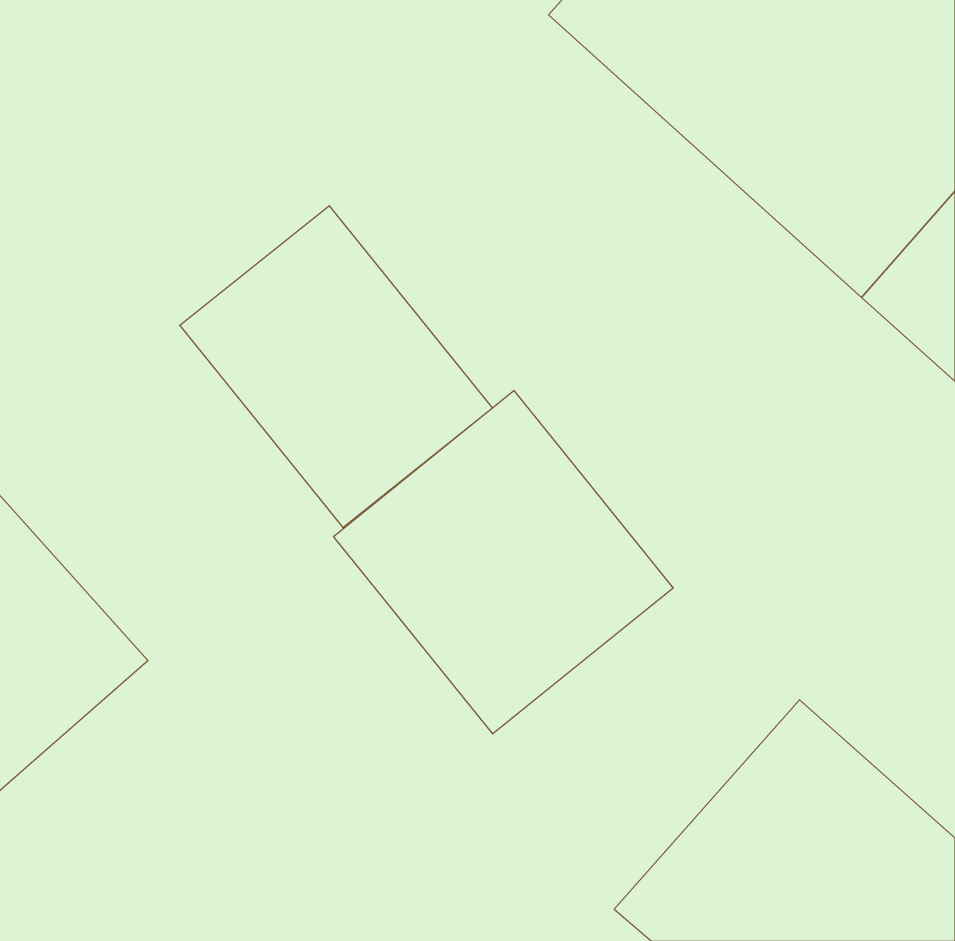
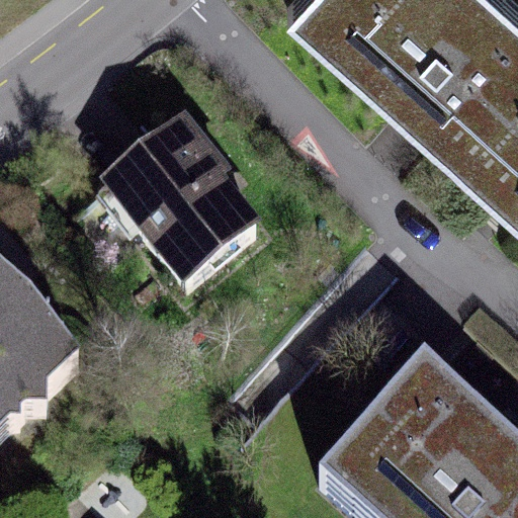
building: [334,390,673,734] -> none

